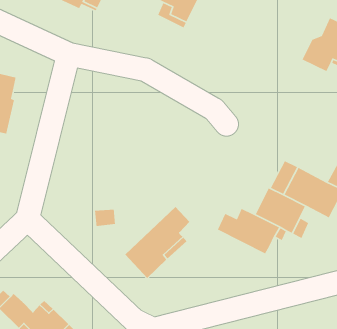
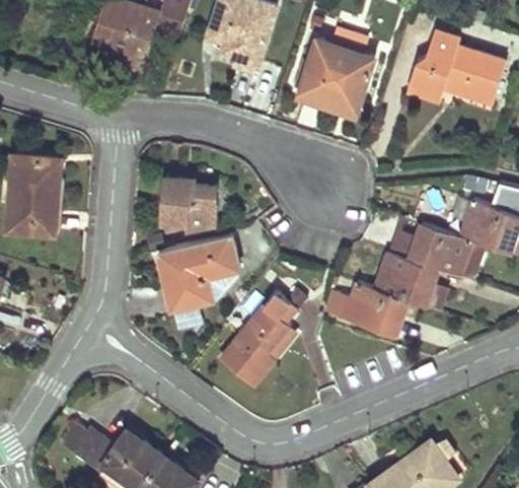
building: none -> [297,26,373,109]
building: none -> [162,177,216,223]
building: none -> [157,234,241,307]

